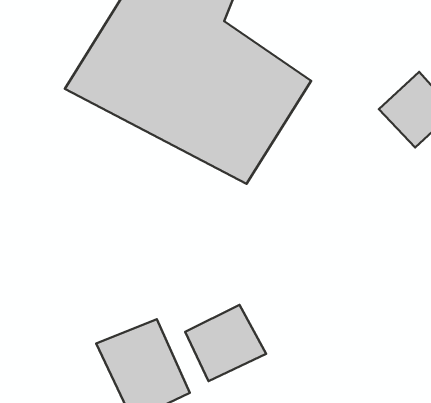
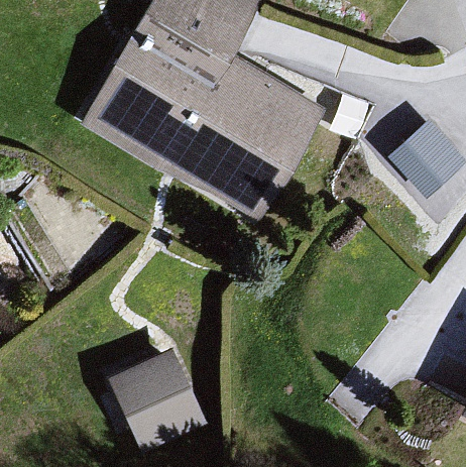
building: [185,305,266,381] -> none

